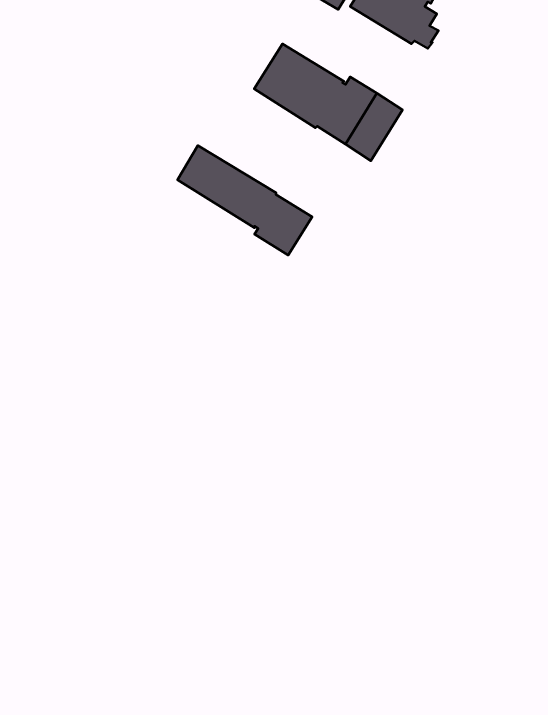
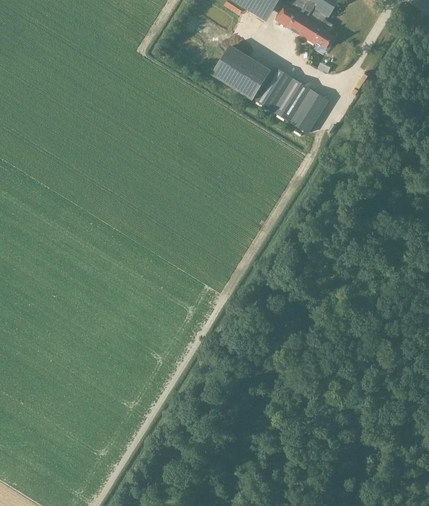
building: none -> [288,88,328,133]
building: [177,145,312,255] -> none

